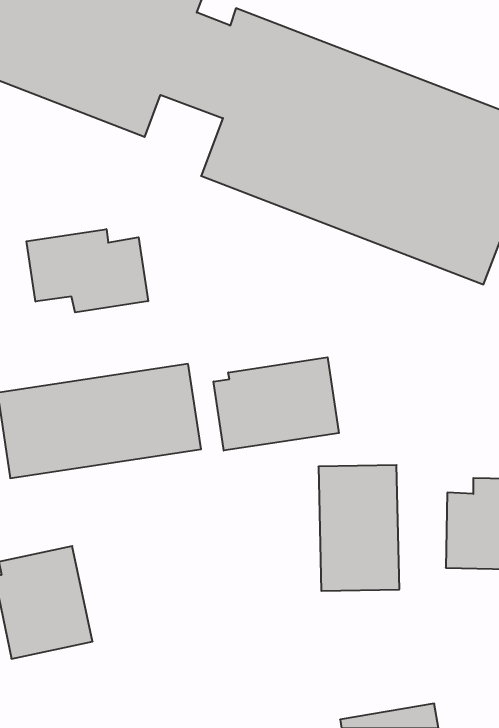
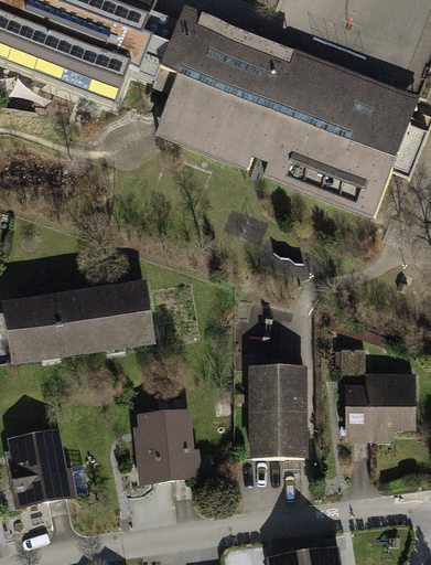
building: [26,229,148,312] -> none
building: [214,357,339,451] -> none
building: none -> [134,408,202,479]

